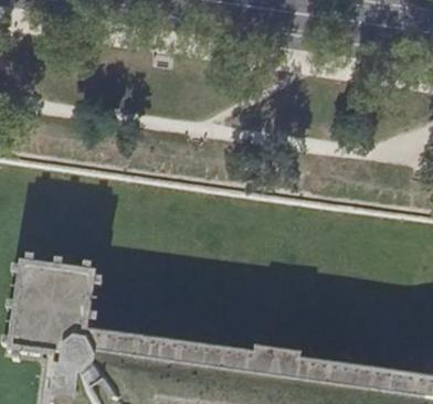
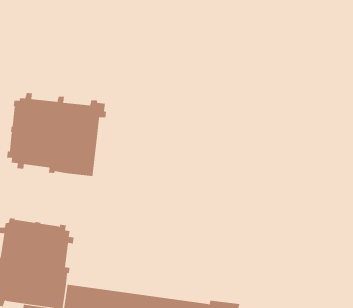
building: none -> [6,92,107,177]

